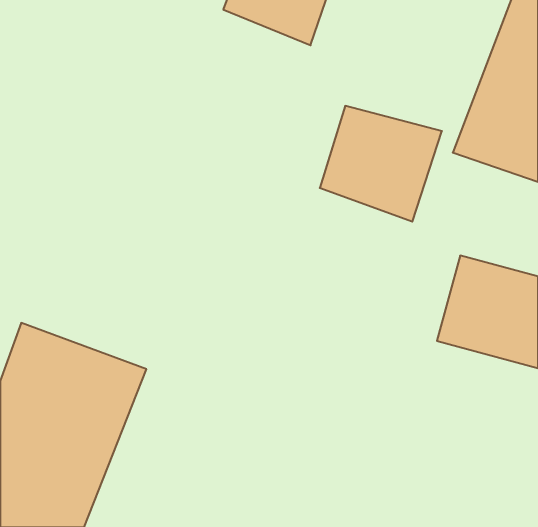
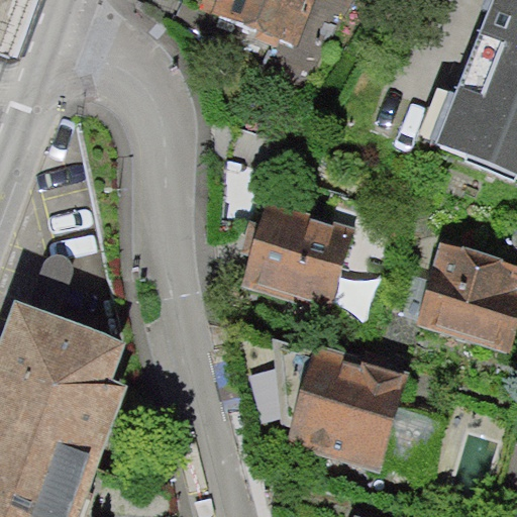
building: [320,106,442,222] -> [243,196,360,307]
building: none -> [287,344,411,474]

